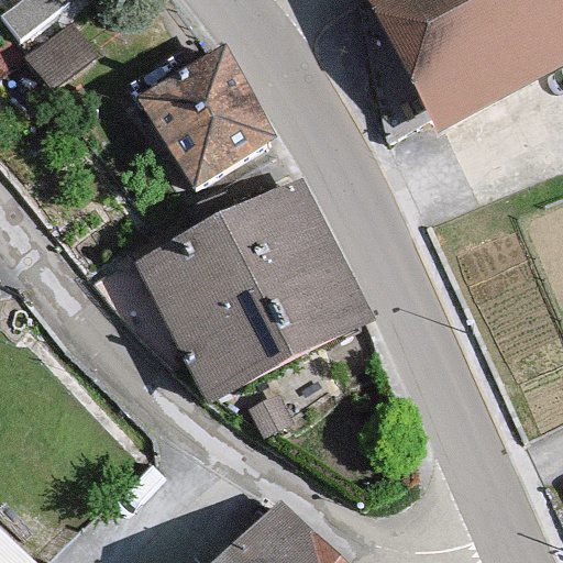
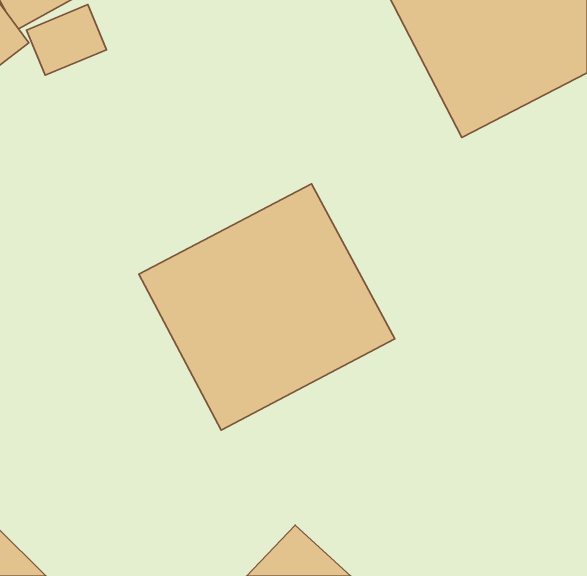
building: [139,45,275,183] -> none

